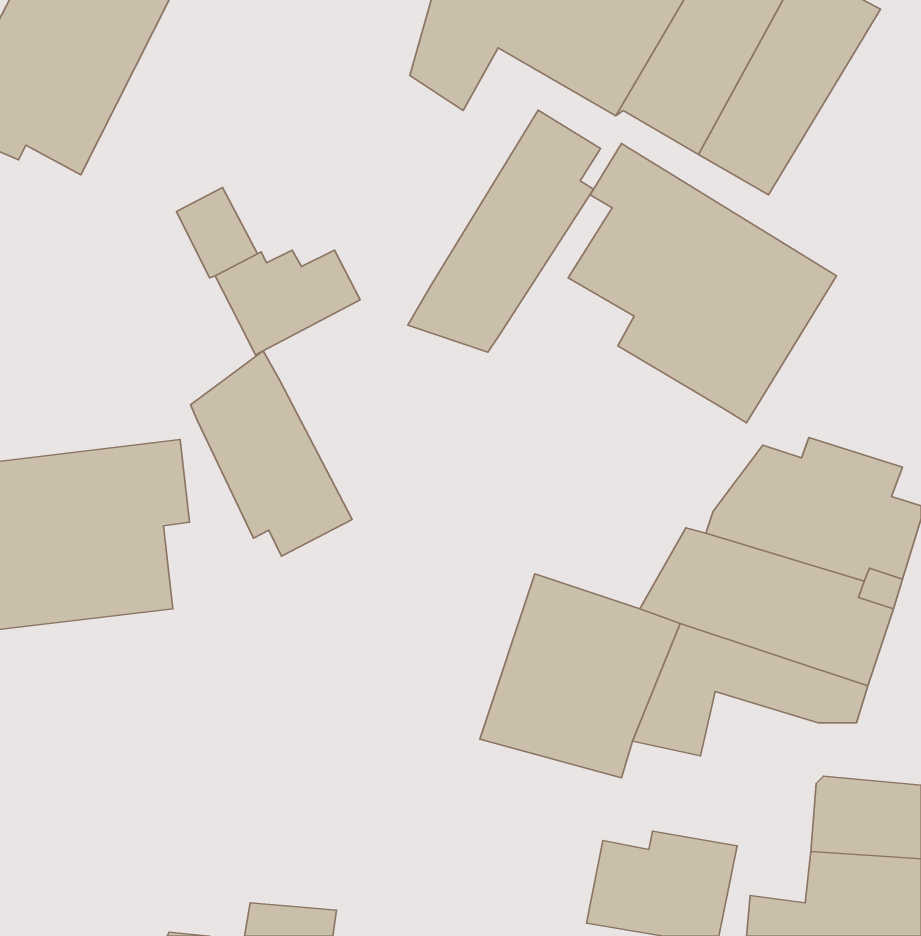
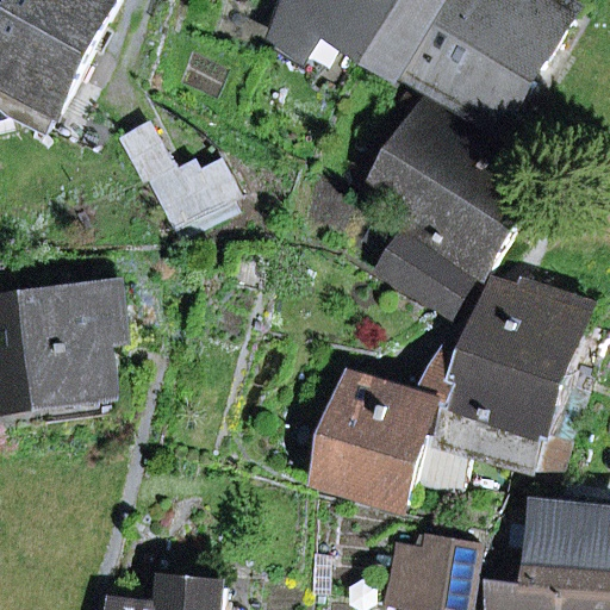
building: [408,110,601,352] -> none
building: none -> [372,224,471,312]
building: [191,351,352,556] -> none

